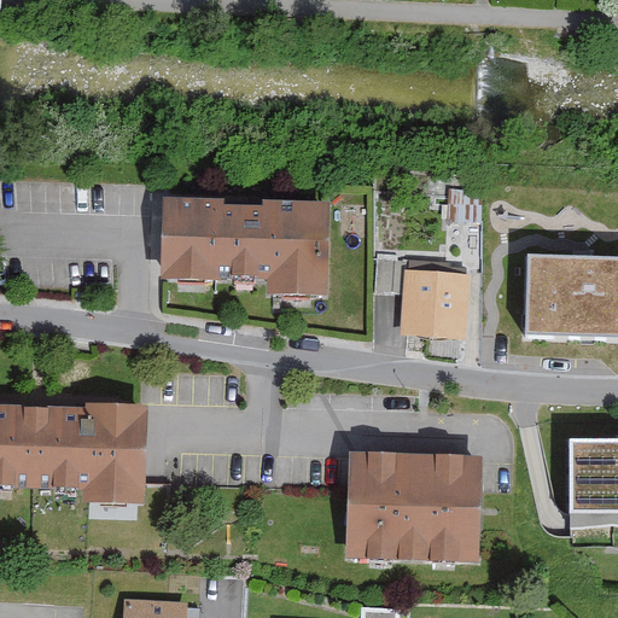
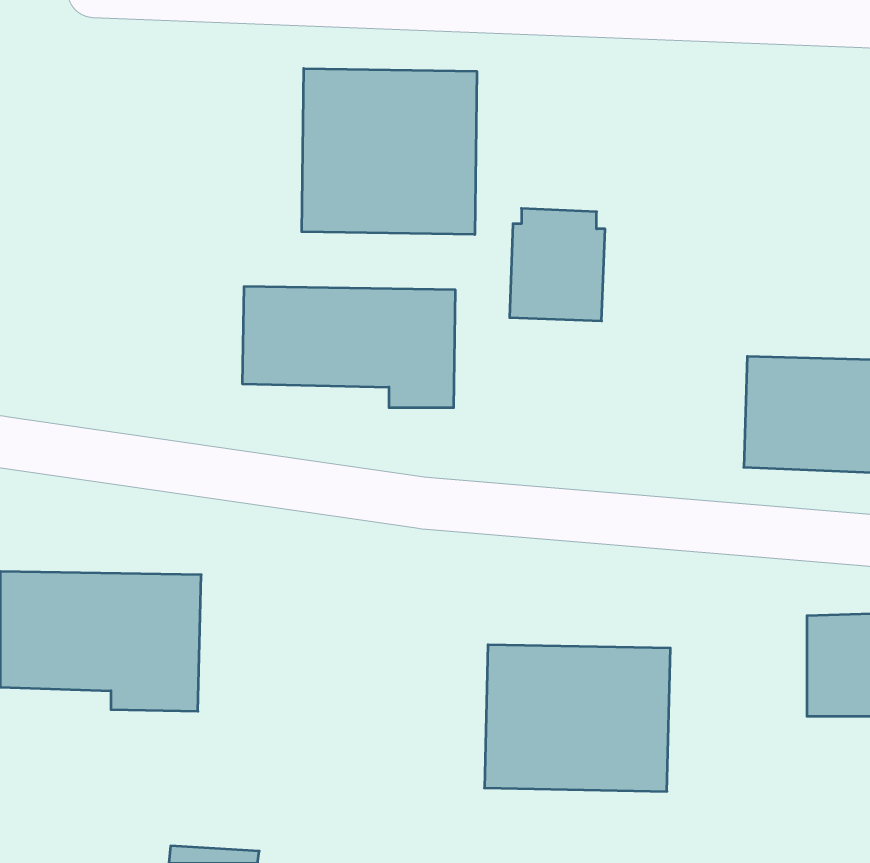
building: none -> [302,68,477,235]
building: [401,262,468,342] -> [510,208,605,321]

